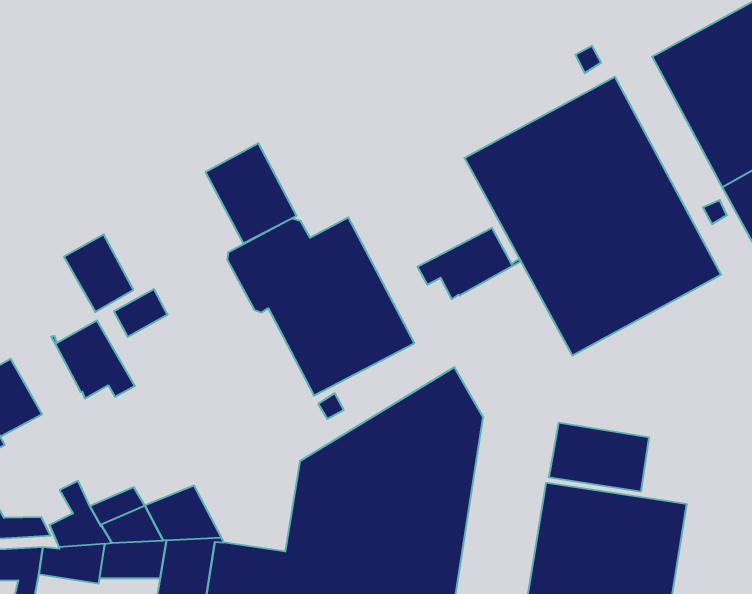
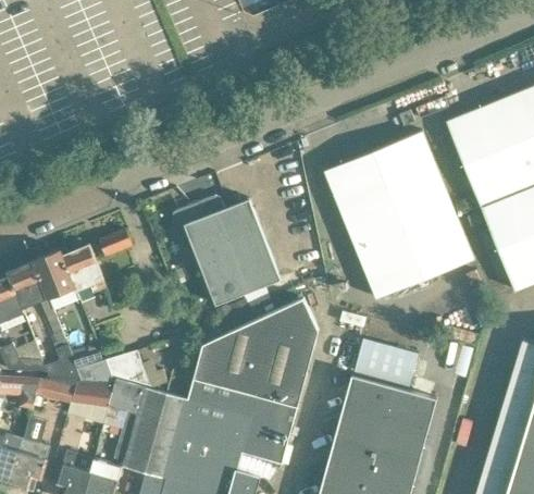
building: [206,143,296,243] -> none
building: [418,228,521,299] -> none
building: [64,234,133,312] -> [33,251,73,298]

